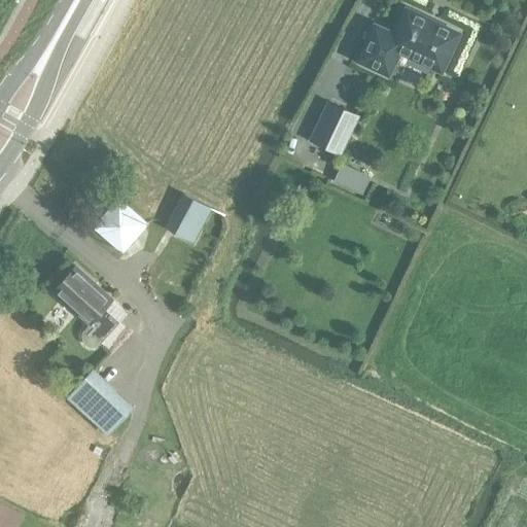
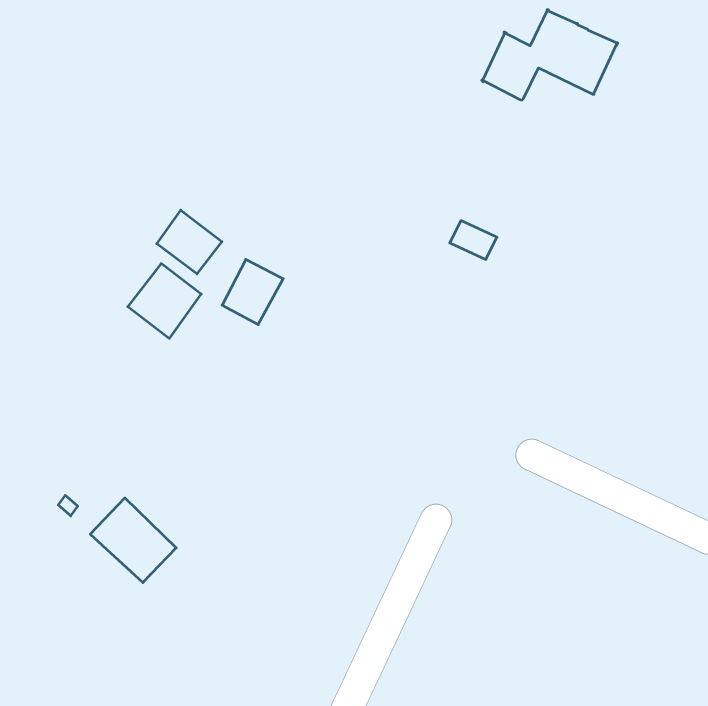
building: [310,104,356,155] -> none
building: none -> [157,210,222,274]
building: [52,268,117,345] -> none

